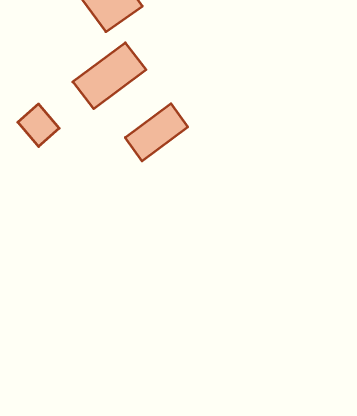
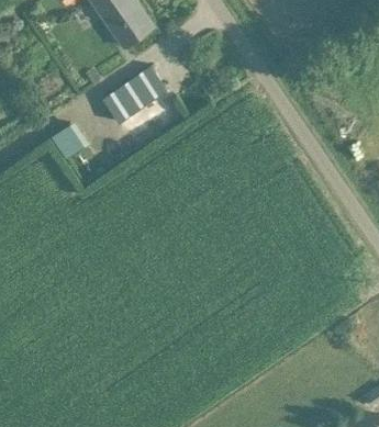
building: [125,104,188,161] -> none

